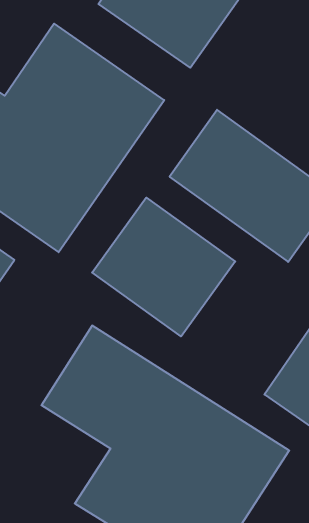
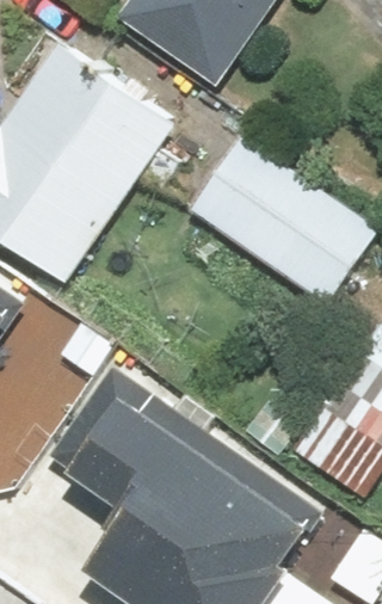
building: [92,198,235,336] -> none

